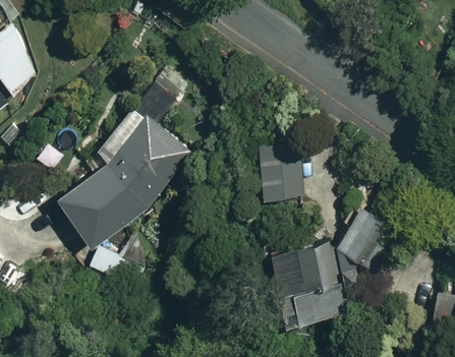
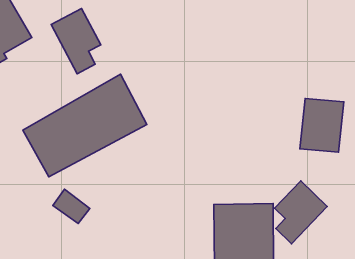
building: none -> [51,8,101,74]
building: [260,140,303,198] -> [300,98,344,152]

